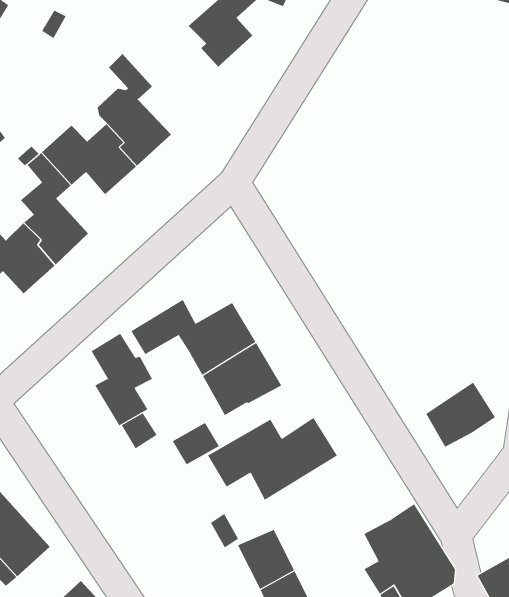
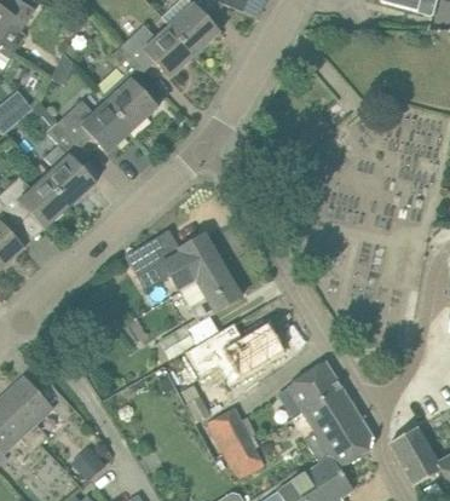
building: none -> [120,24,192,77]
building: [91,333,153,426] -> none
building: [426,382,496,447] -> [288,361,341,410]

